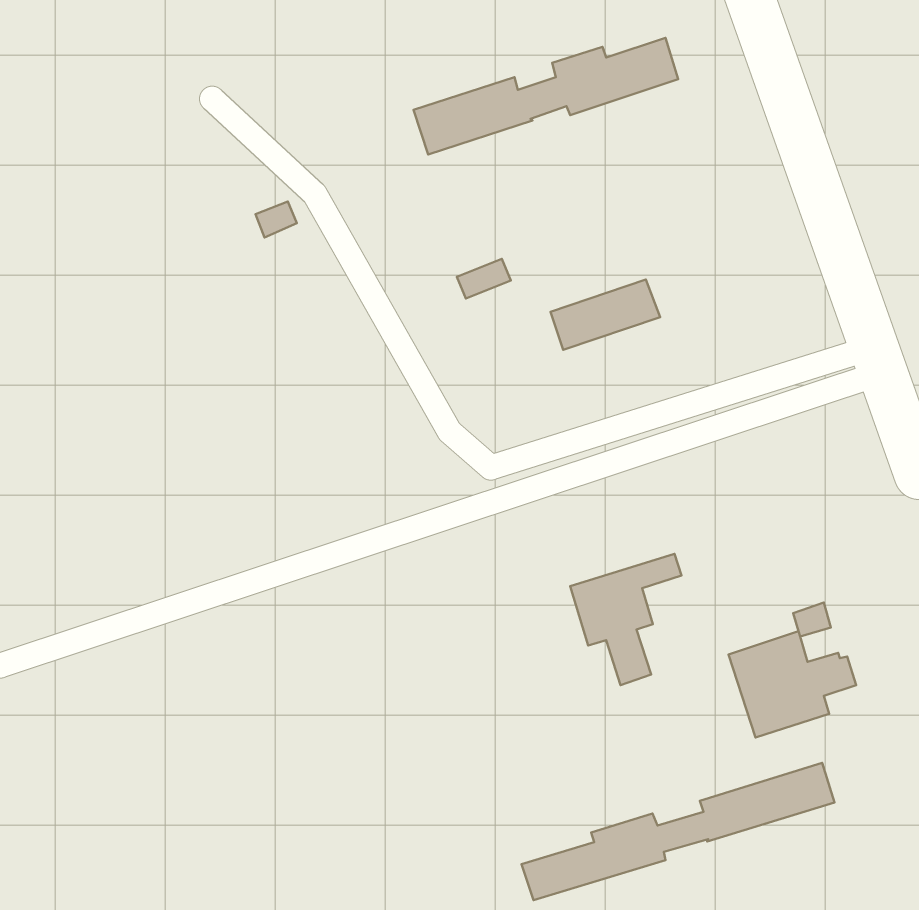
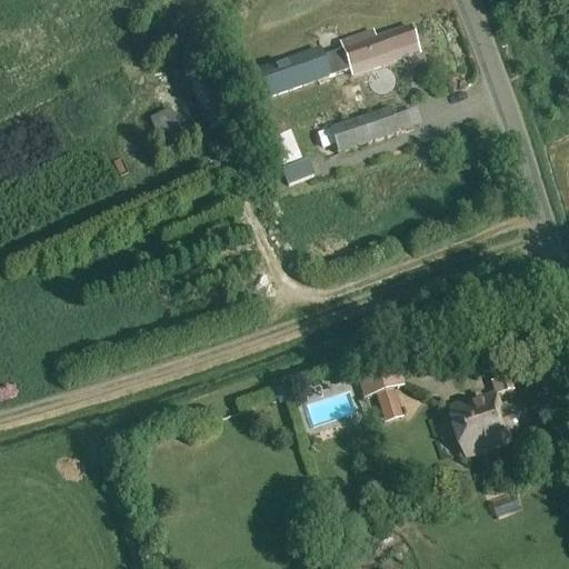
building: [551,280,660,350] -> [330,107,398,150]
building: [522,763,834,900] -> none

